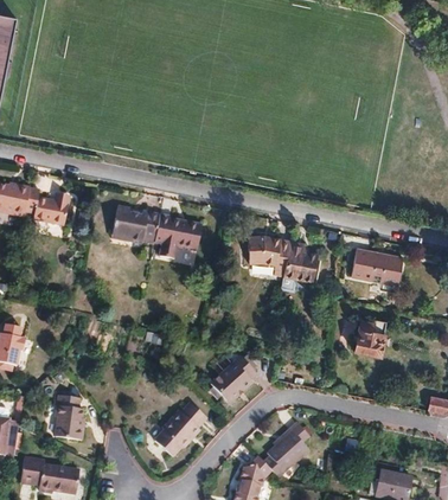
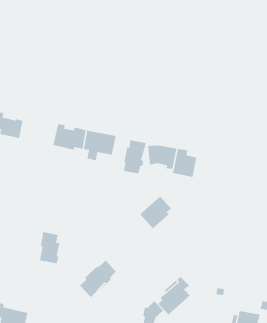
building: none -> [124,139,146,174]
building: [350,246,399,283] -> none
building: [352,319,383,357] -> none
building: [207,353,254,400] -> [139,196,172,229]
building: [55,393,84,440] -> [39,232,60,264]

